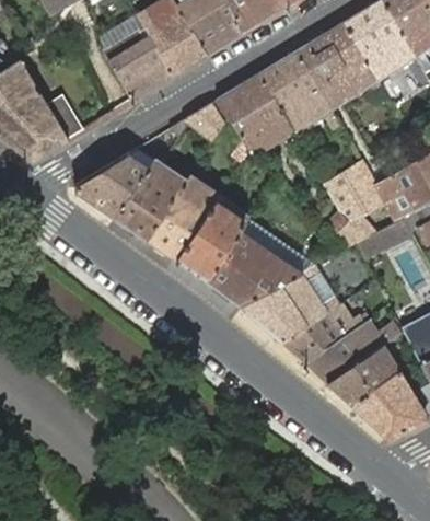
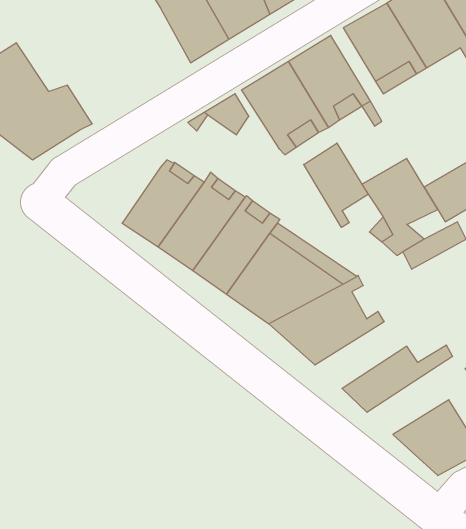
building: [104,25,172,100] -> none
building: none -> [304,143,368,227]
building: [74,148,151,216] -> none
building: [281,304,365,361] -> none
building: [327,345,399,402] -> none

